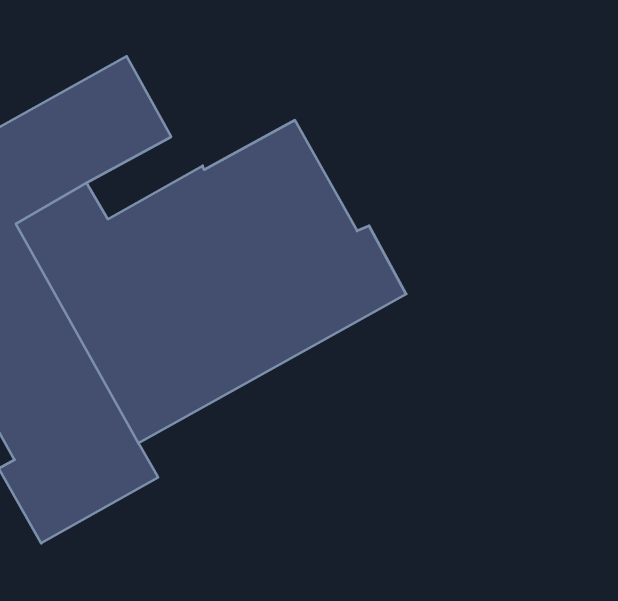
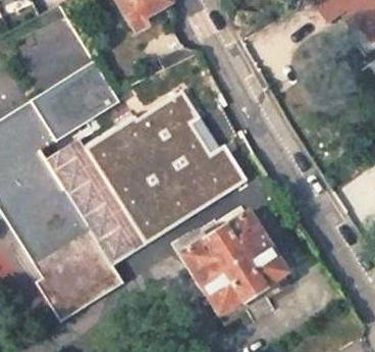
building: none -> [178,212,282,313]

